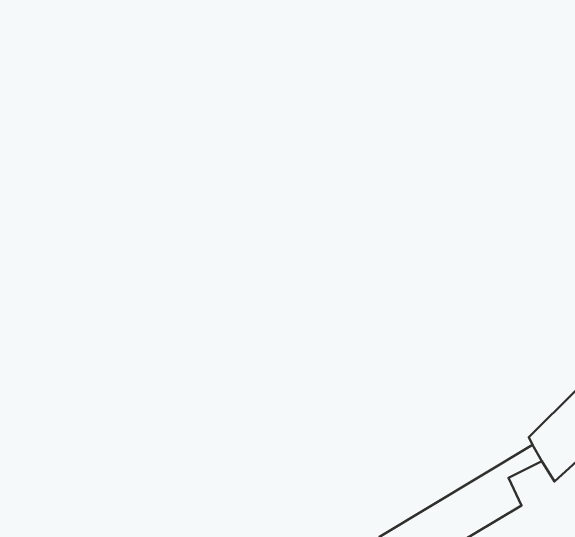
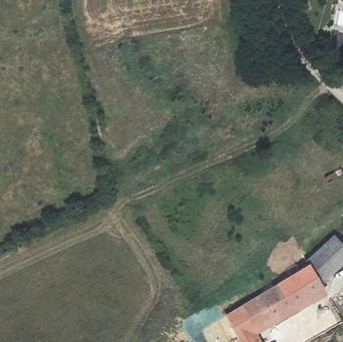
building: none -> [296,274,326,306]

